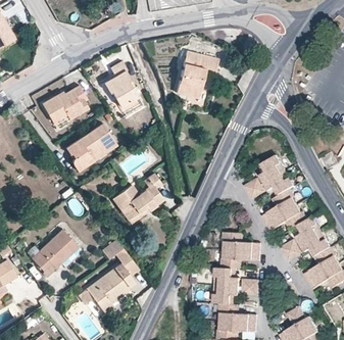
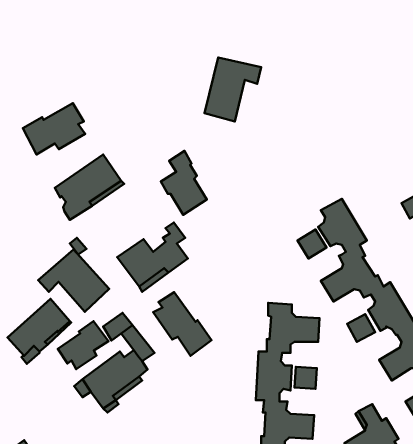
building: [104,60,138,107] -> [161,151,207,215]
building: none -> [38,249,109,312]
building: none -> [153,292,212,356]
building: none -> [58,321,108,369]

